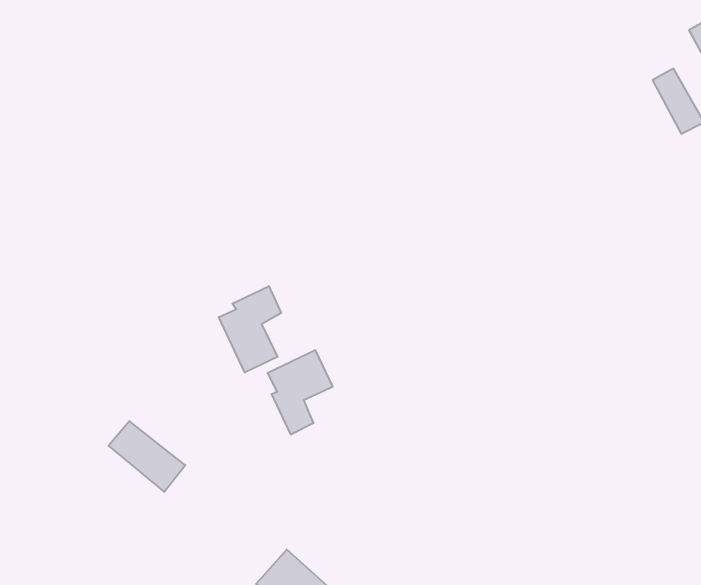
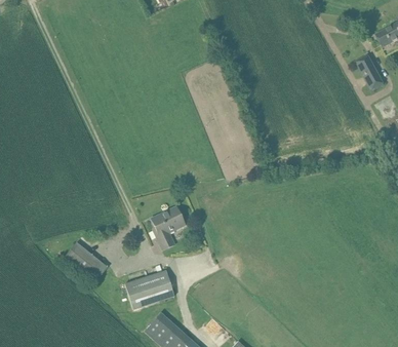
building: [219,286,281,373] -> none
building: none -> [125,269,175,310]

